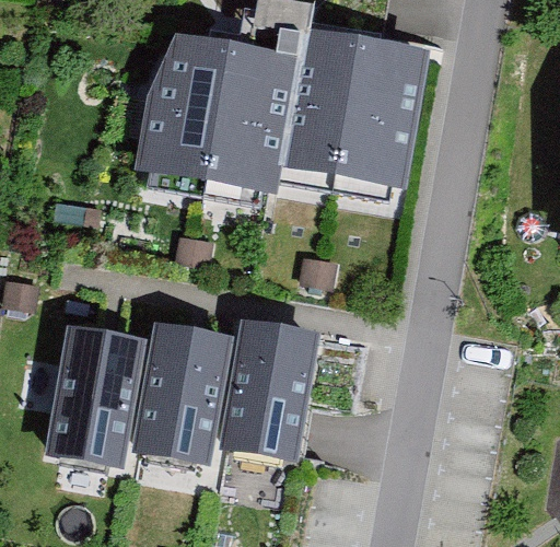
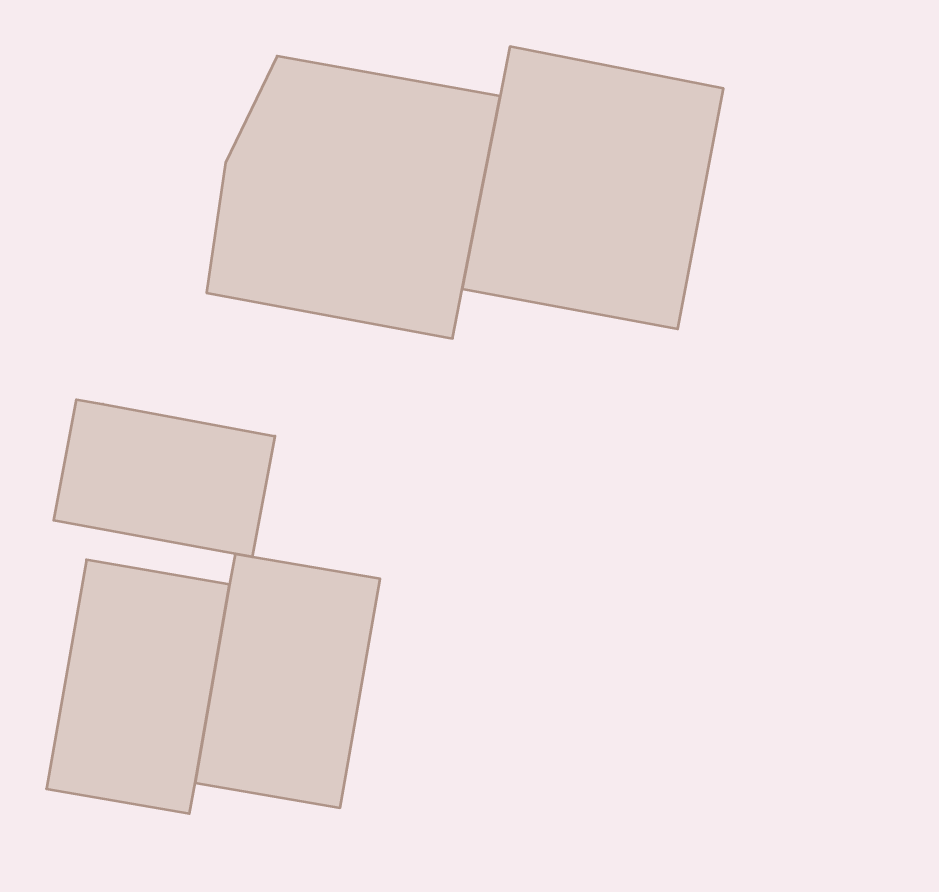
building: none -> [54,400,275,557]
building: [214,318,320,459] -> none

